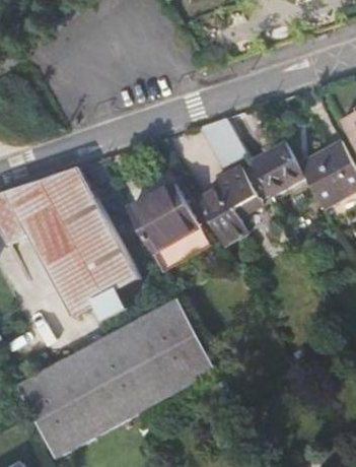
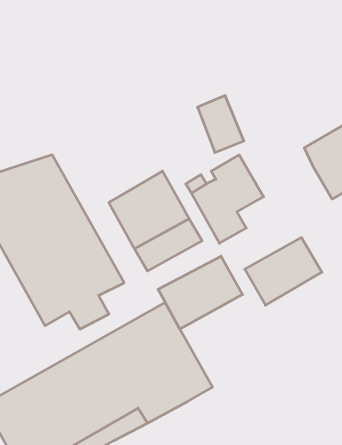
building: [252,141,304,195] -> none
building: none -> [245,238,322,305]
building: none -> [158,256,243,329]

